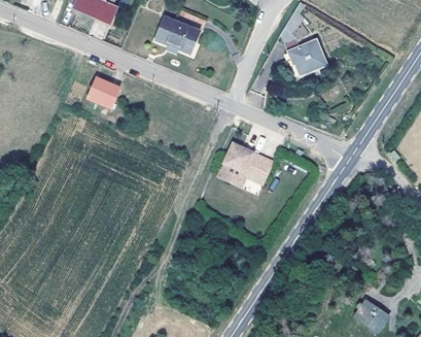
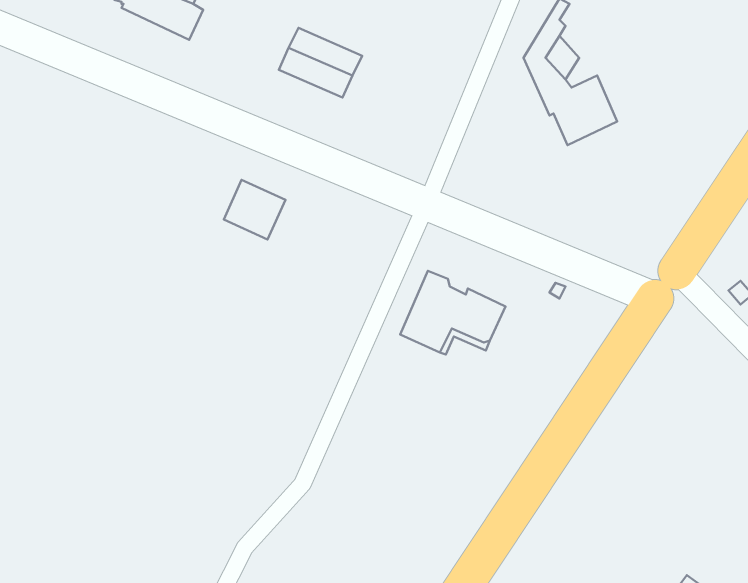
building: [87,76,119,107] -> [224,180,285,240]

